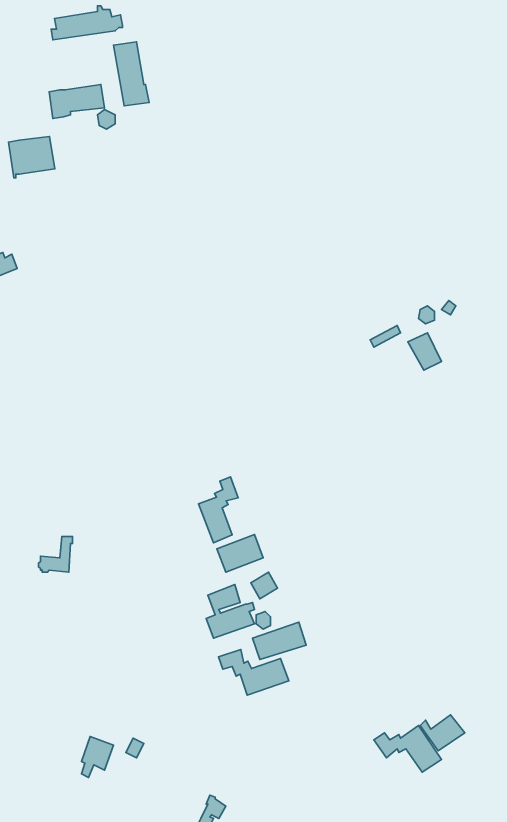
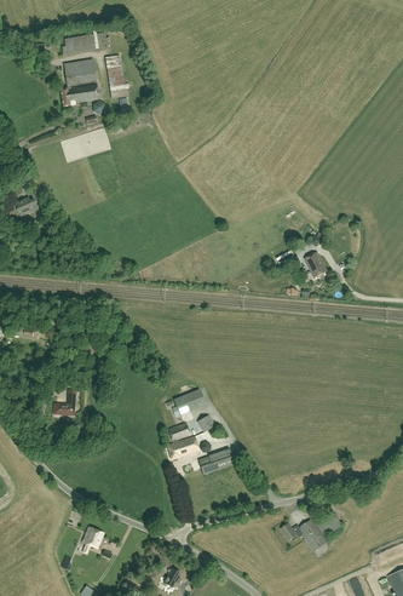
building: [9,137,55,178] -> [63,59,94,87]
building: [198,477,238,543] -> none
building: [218,649,289,695] -> none

